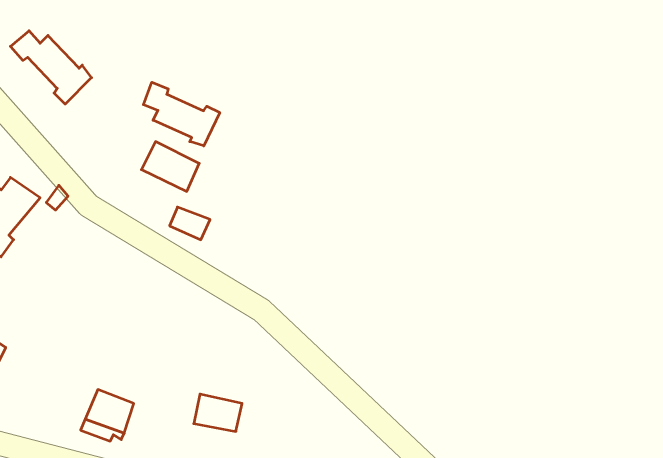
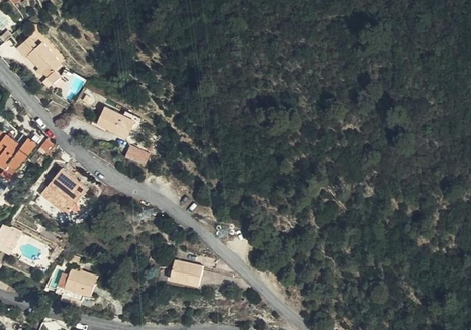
building: [143,82,220,146] -> none
building: none -> [39,168,86,214]
building: [194,394,242,431] -> [172,260,203,285]

